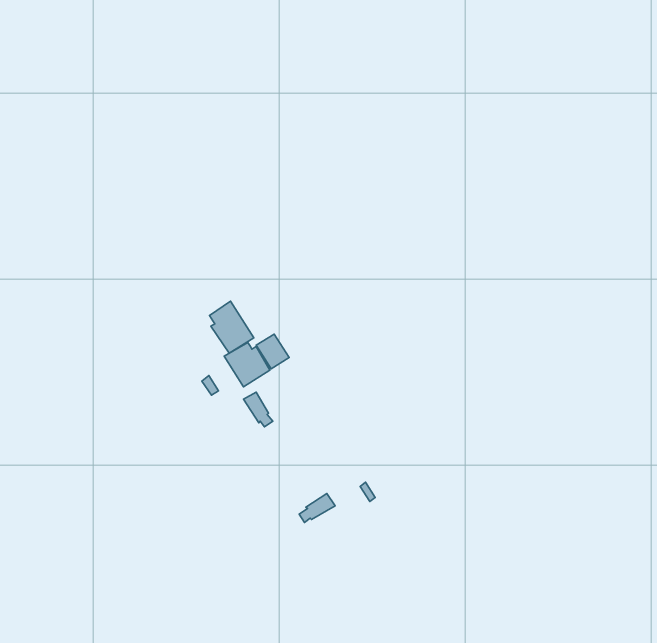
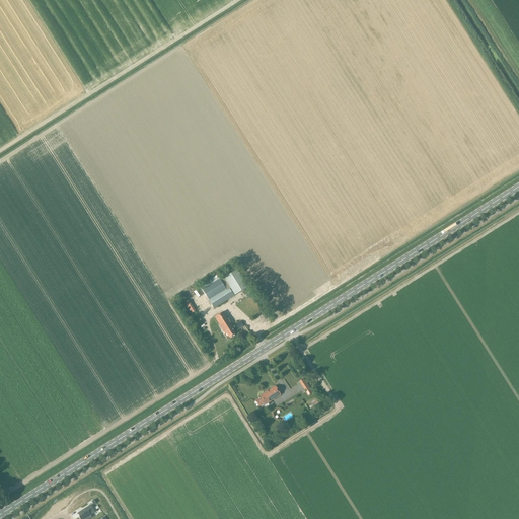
building: [210,301,254,353] -> none

